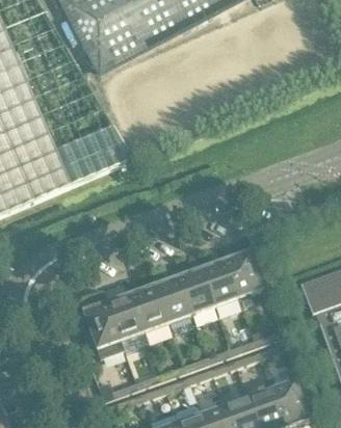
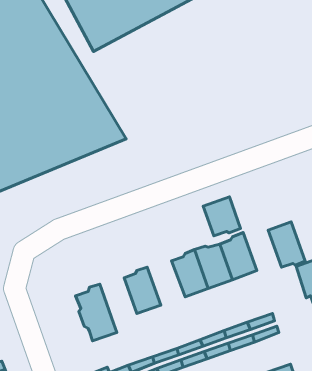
building: none -> [203,197,240,236]
building: none -> [268,222,305,267]
building: [152,278,189,322] -> none
building: [105,295,141,340] -> none

